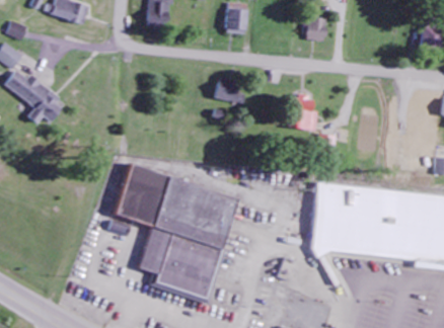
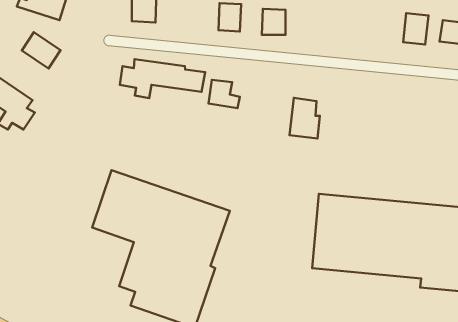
building: [304,18,325,42] -> [262,9,285,35]
building: none -> [403,13,429,45]
building: none -> [22,32,60,68]
building: none -> [120,59,205,98]

